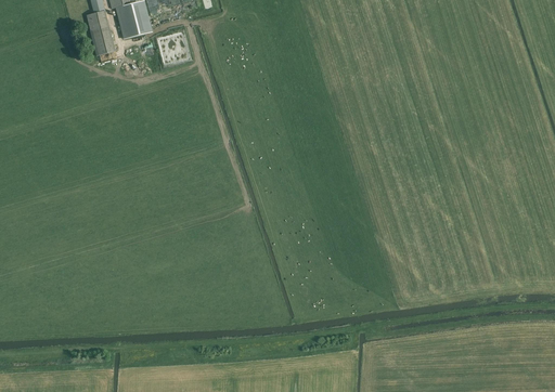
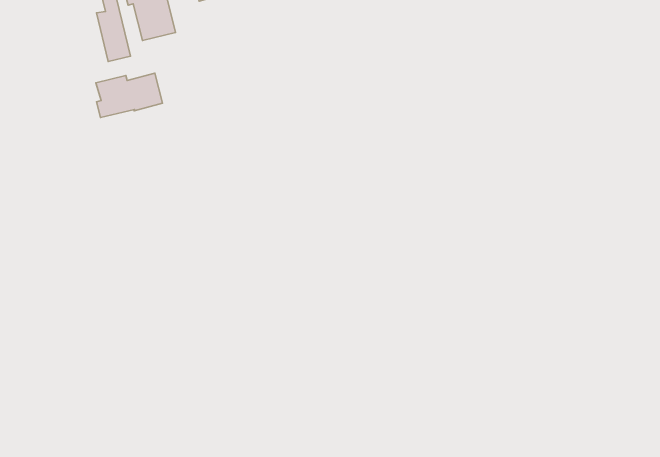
building: none -> [96,73,163,118]

